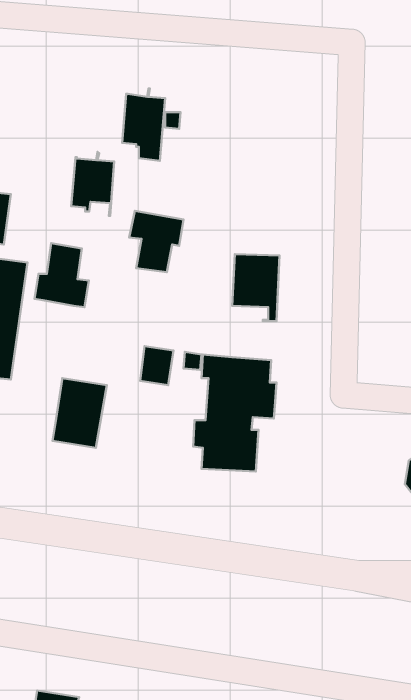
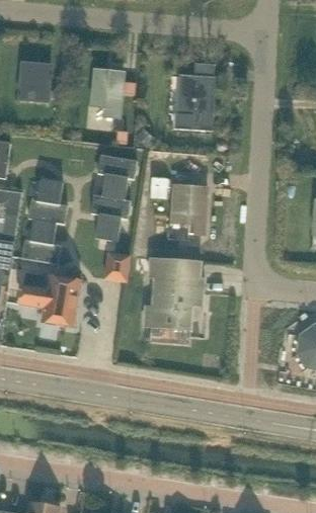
building: none -> [172,76,213,131]
building: [71,152,114,216] -> [18,58,50,104]
building: none -> [90,193,130,240]
building: none -> [20,219,60,263]
building: none -> [18,272,48,308]

